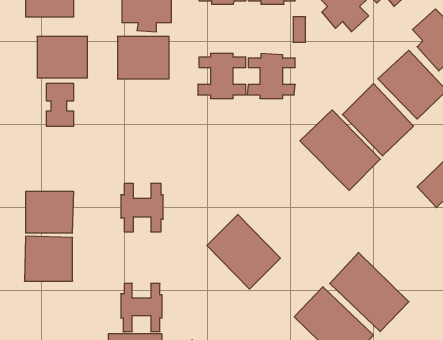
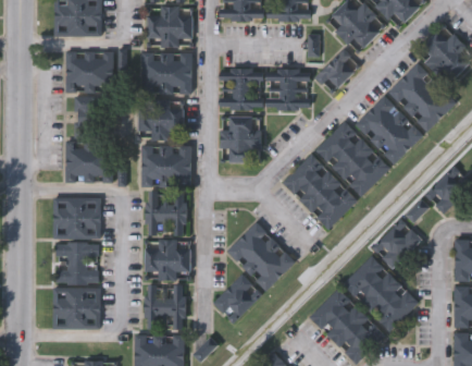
building: none -> [315,49,355,88]
building: none -> [138,98,184,139]
building: none -> [221,115,261,163]
building: none -> [65,142,113,183]
building: none -> [140,146,192,188]
building: none -> [282,154,359,231]
building: none -> [372,219,423,270]
building: none -> [145,241,190,282]
building: none -> [213,273,263,324]
building: none -> [53,289,99,329]

